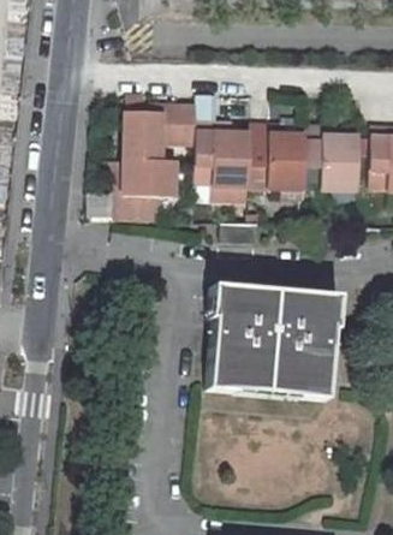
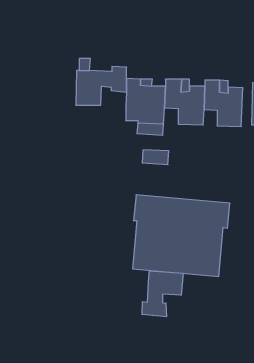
building: [120,160,177,221] -> none
building: none -> [142,271,183,317]

